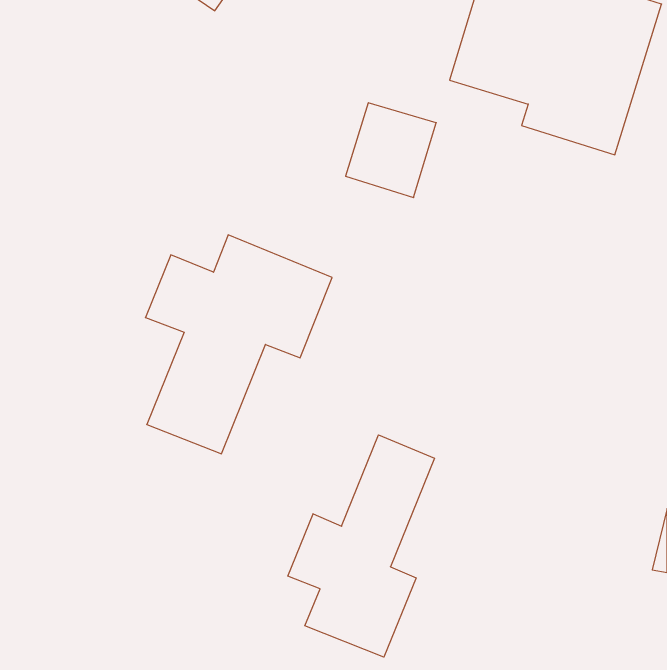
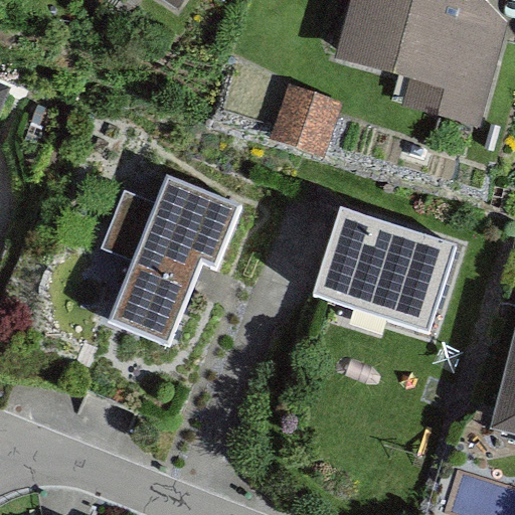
building: none -> [316,211,459,329]
building: [288,435,434,657] -> none

